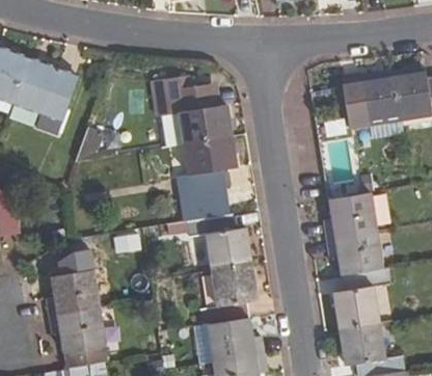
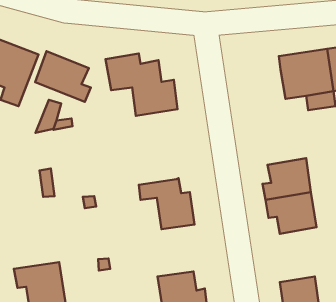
building: none -> [35,51,91,102]
building: [177,137,234,220] -> none
building: [199,264,254,323] -> none
building: [335,266,389,327] -> none
building: [48,269,100,313] -> none

